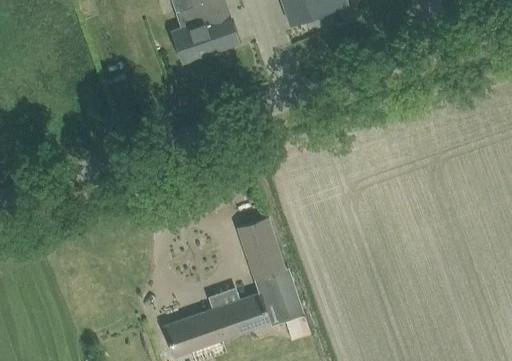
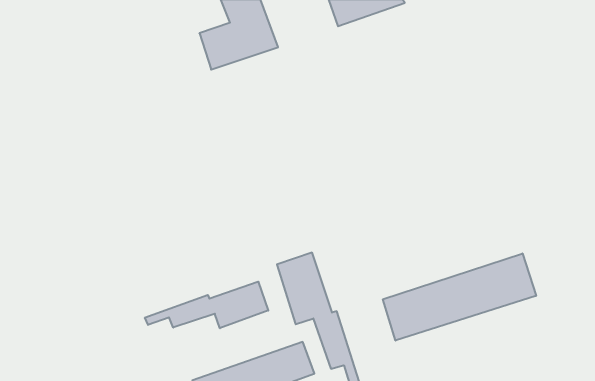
building: none -> [383,253,536,341]
building: none -> [145,282,268,328]

